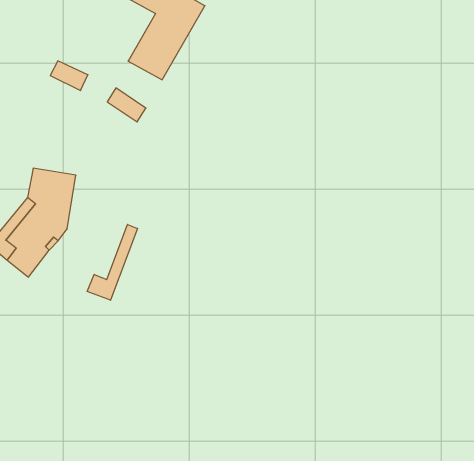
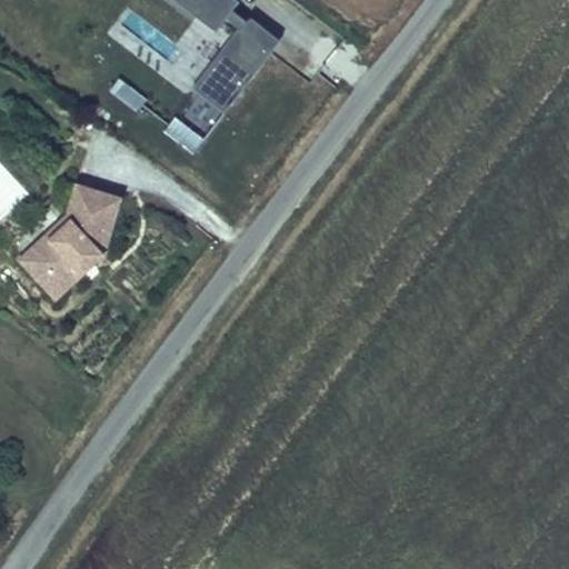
building: [87,224,137,300] -> none

